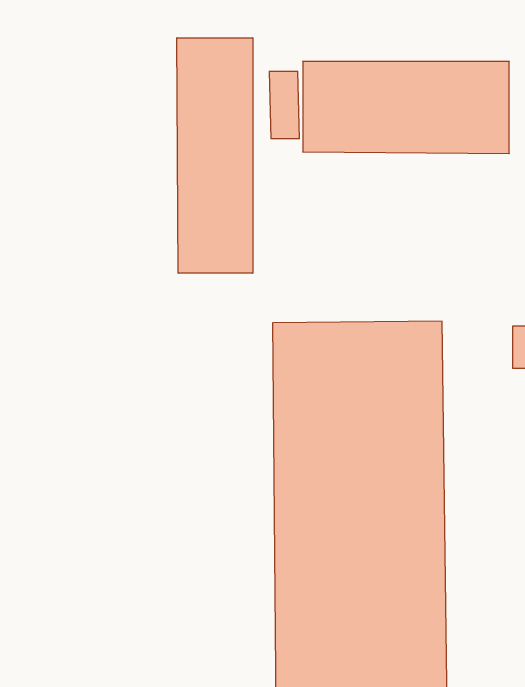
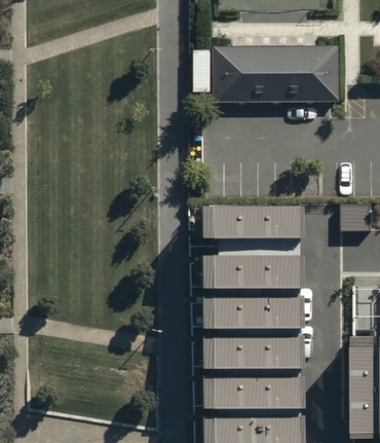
building: [177,38,253,273] -> none

